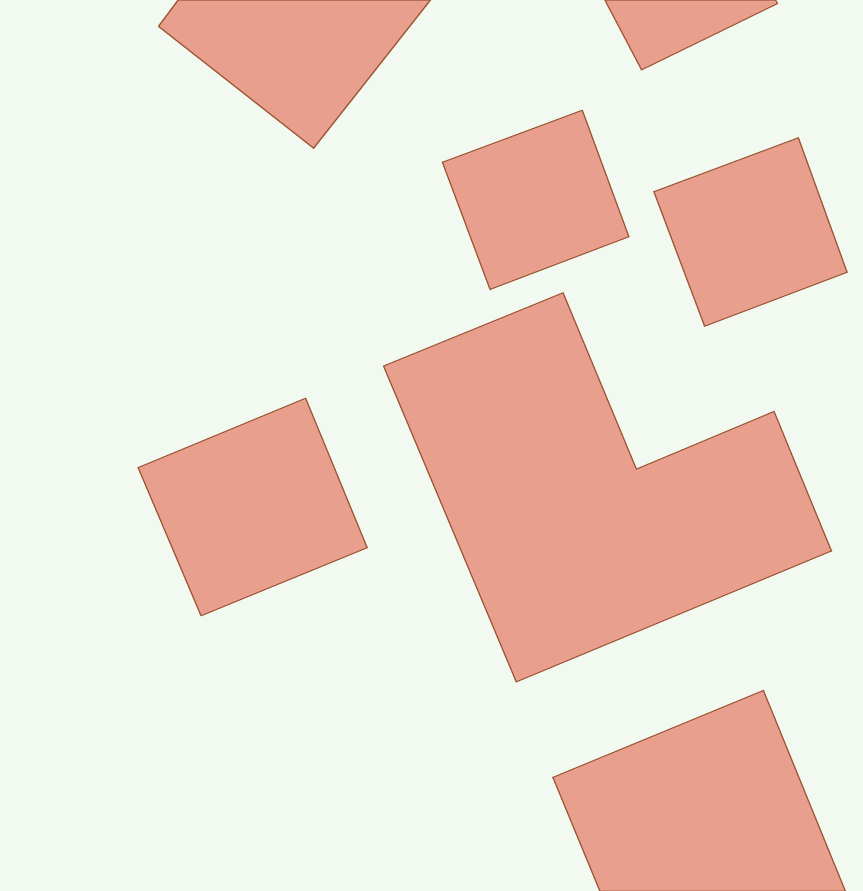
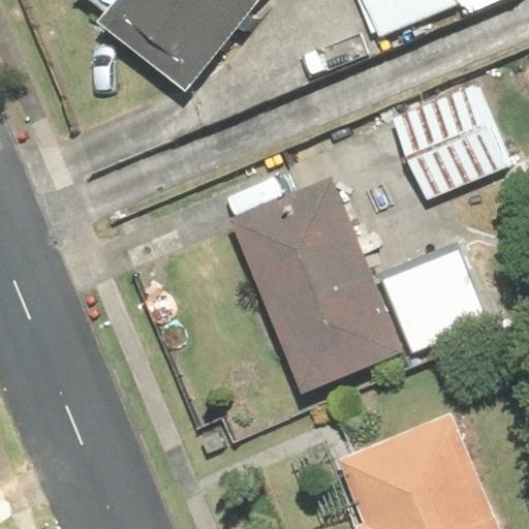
building: [443,110,629,290] -> none
building: [138,398,367,616] -> none

